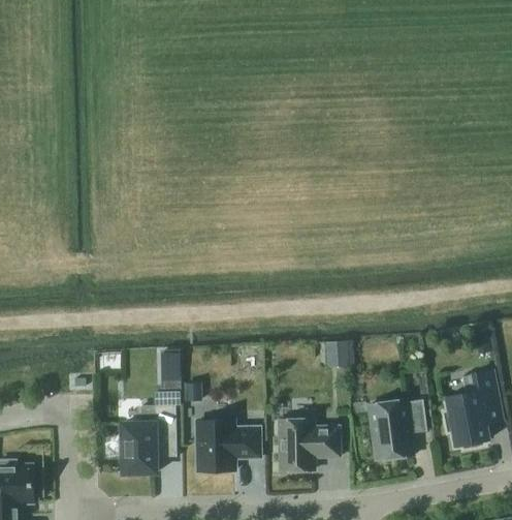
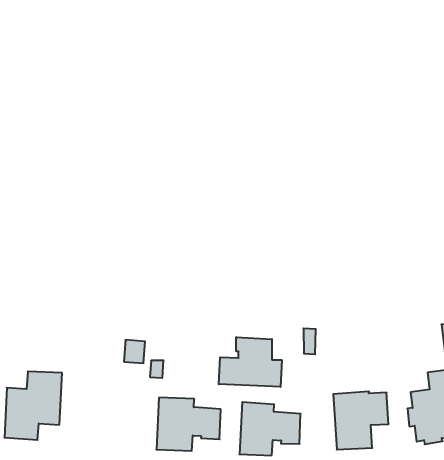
building: none -> [219,337,282,387]
building: [121,405,175,473] -> [4,371,62,440]

